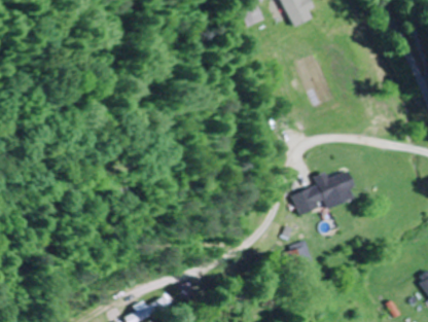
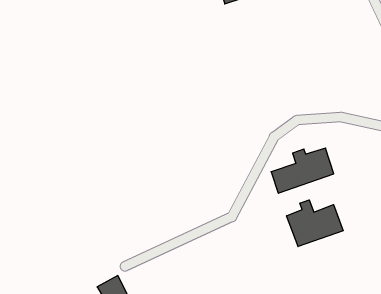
building: none -> [287,200,343,247]

